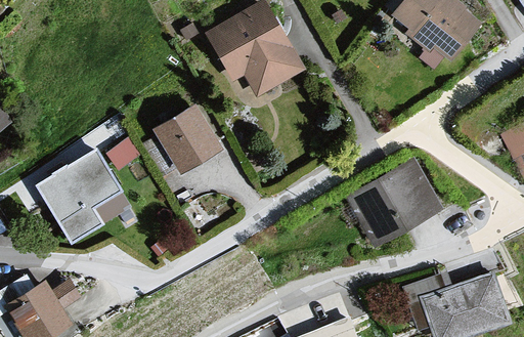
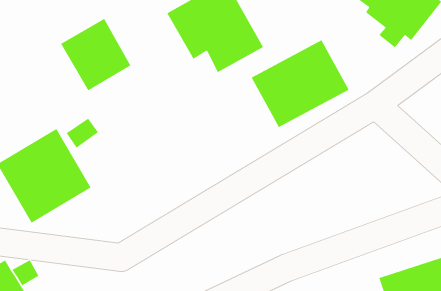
building: [151,103,222,176] -> [60,18,131,91]
building: [344,162,442,250] -> [251,40,349,128]

